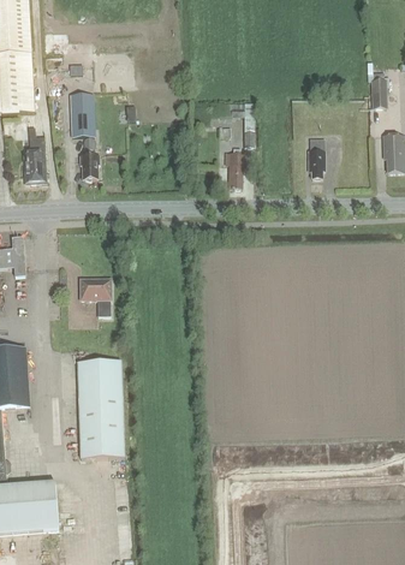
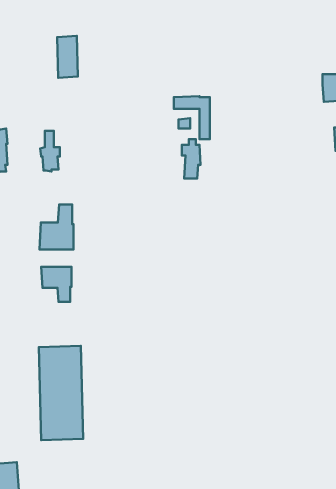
building: [71,93,93,136] -> [57,36,78,78]
building: [309,138,326,178] -> none
building: none -> [39,205,74,250]

